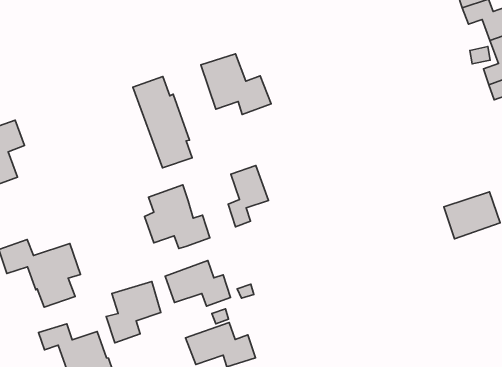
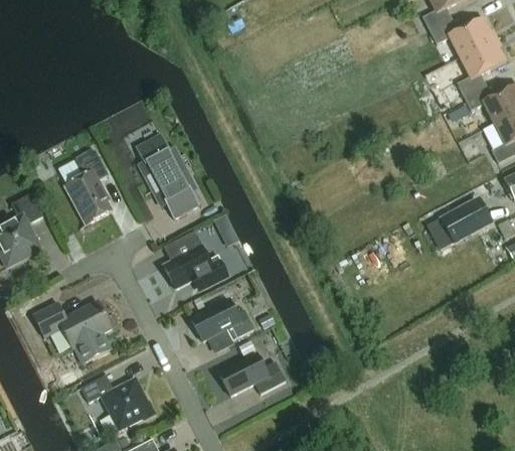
building: [201,54,271,115] -> none
building: none -> [67,149,112,222]
building: [228,165,268,227] -> none
building: [106,281,161,343] -> none

